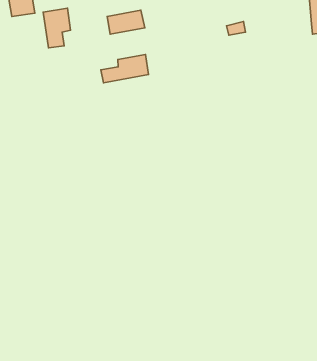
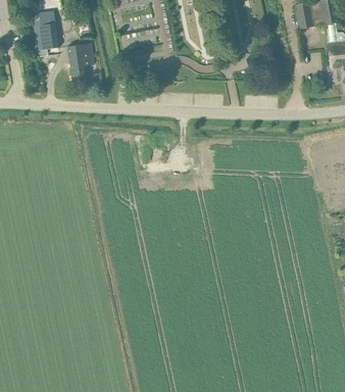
building: [101,54,148,83] -> none

